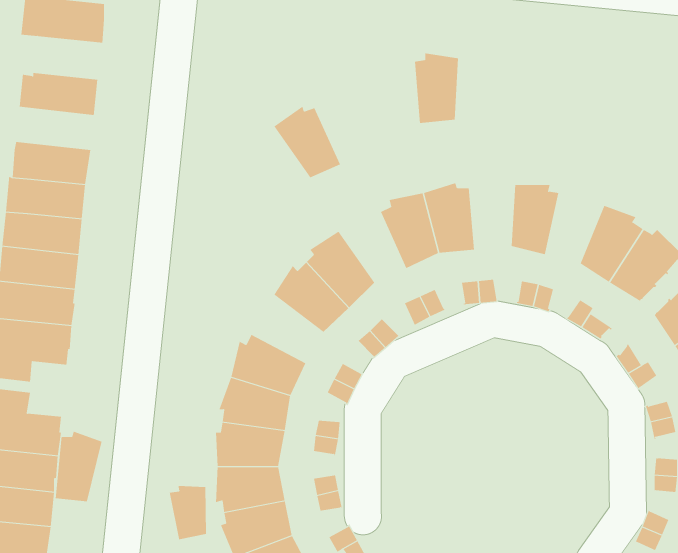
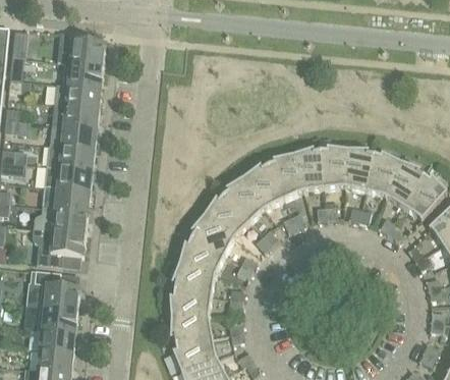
building: none -> [63,61,105,87]
building: [414,53,459,123] -> [322,146,348,187]
building: [274,106,341,178] -> [244,164,284,207]
building: none -> [53,103,100,128]
building: none -> [367,152,401,196]
building: none -> [191,214,235,255]
building: [55,431,102,502] -> none
building: [169,485,207,540] -> none

